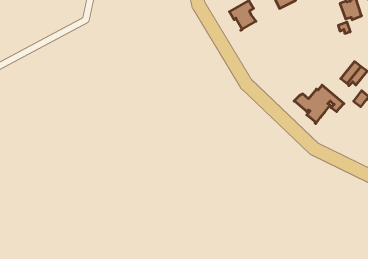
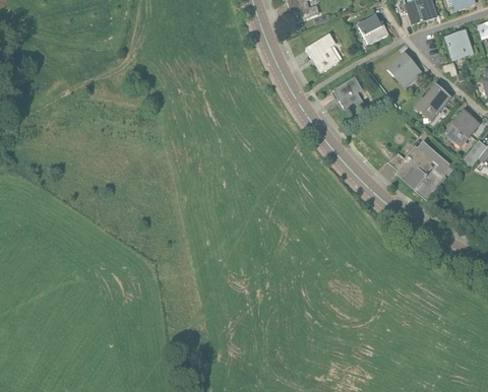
building: none -> [387,53,420,82]
building: none -> [332,76,364,113]
building: none -> [414,85,448,116]

